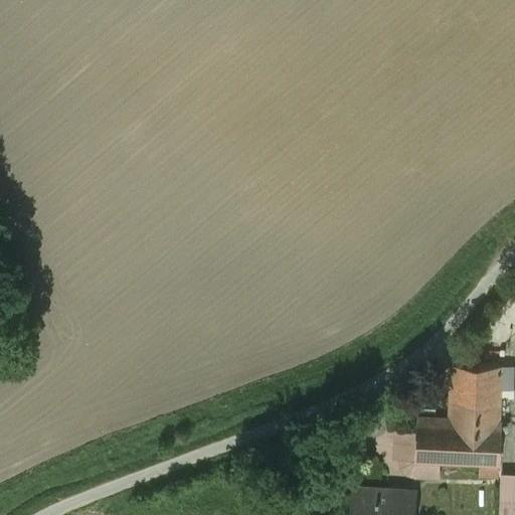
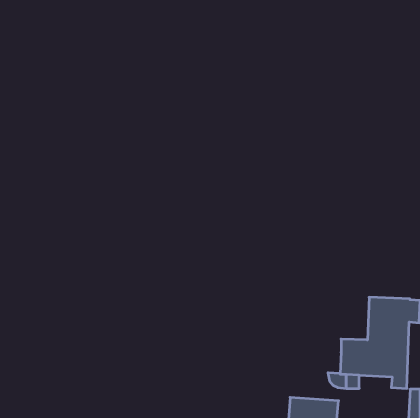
building: [396,433,417,460] -> none

